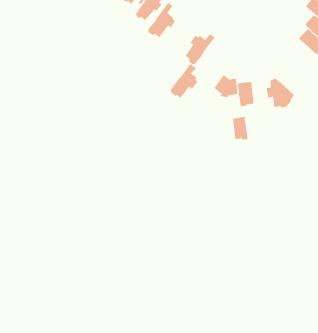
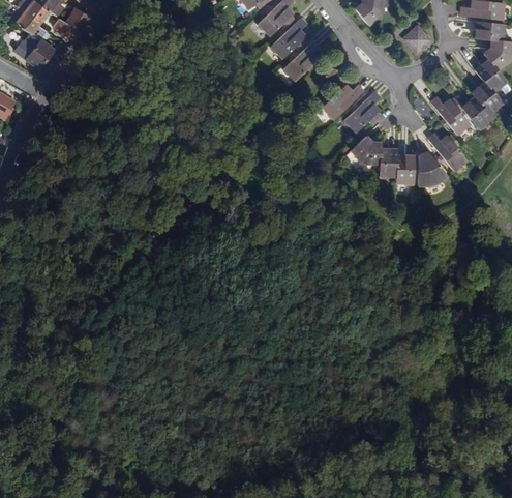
building: none -> [431,97,469,134]
building: none -> [428,134,466,170]
building: [170,63,198,99] -> [345,91,382,131]
building: [232,116,249,140] -> [397,156,415,184]

